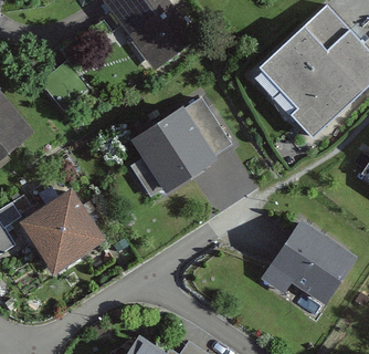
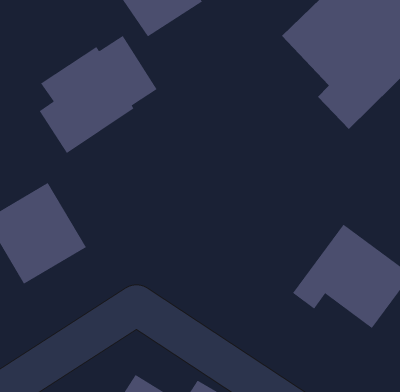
building: [124,117,219,212] -> [39,35,157,154]

